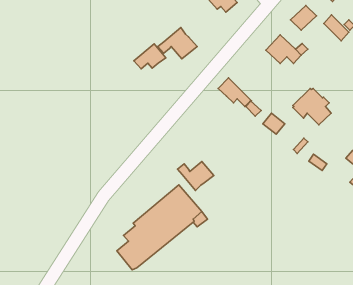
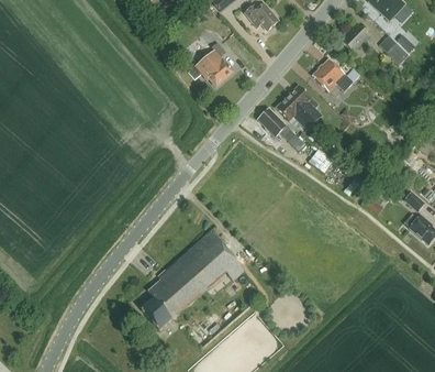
building: [134,44,166,69] -> none
building: [293,88,331,125] -> [277,86,321,128]
building: [178,162,214,191] -> none

